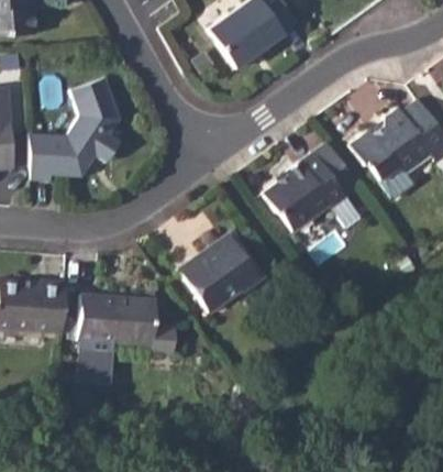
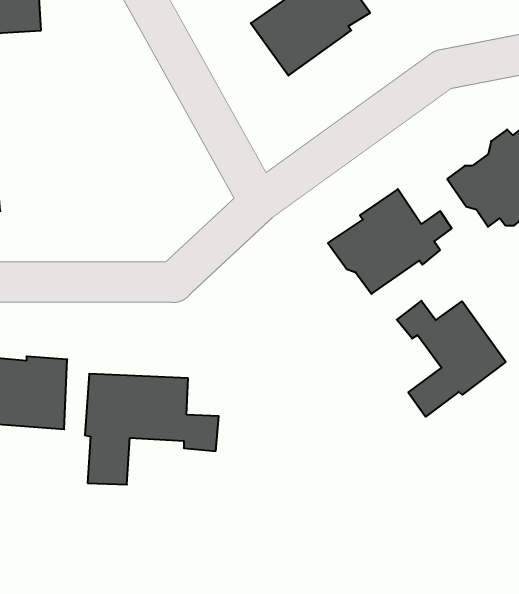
building: [29,79,119,180] -> none
building: [178,233,263,317] -> none
building: none -> [397,301,506,417]

